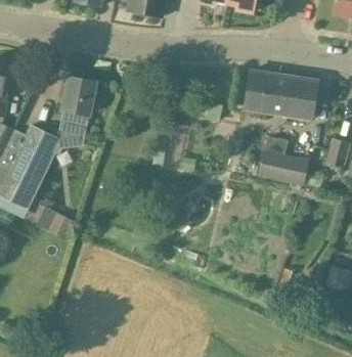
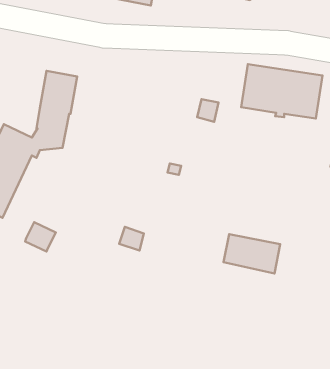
building: [258,149,309,185] -> [224,234,280,274]

